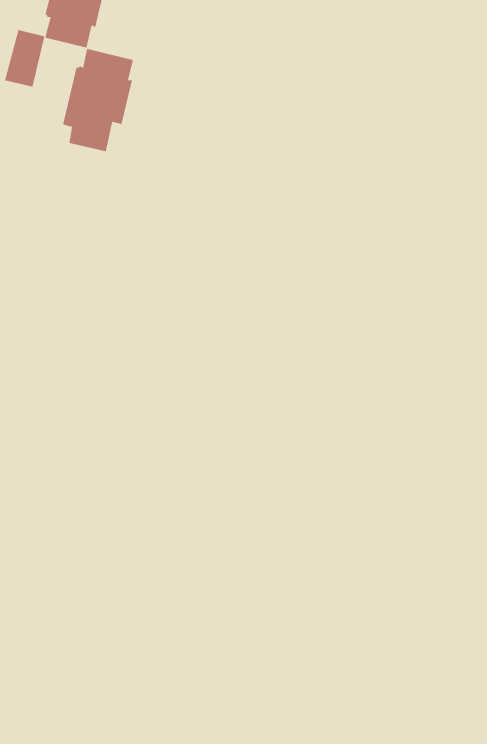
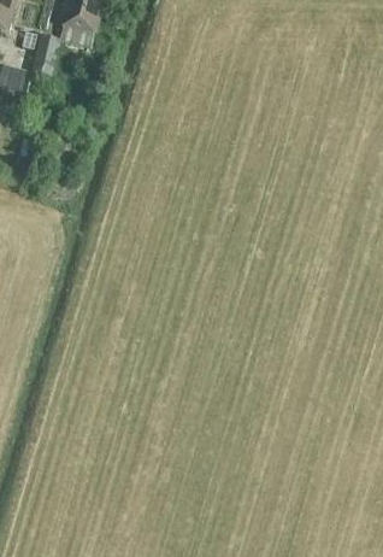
building: [63,48,134,152] -> none

